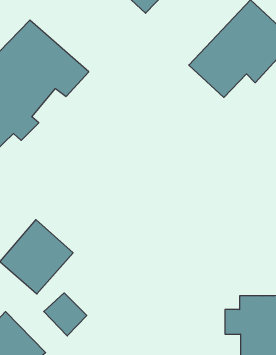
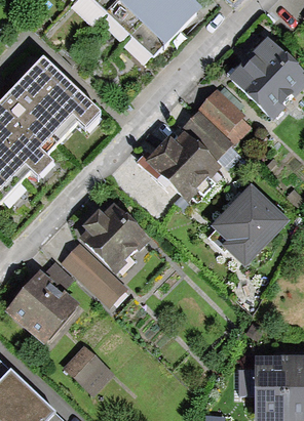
building: none -> [140,113,232,211]
building: none -> [210,185,289,264]
building: none -> [65,209,150,304]

